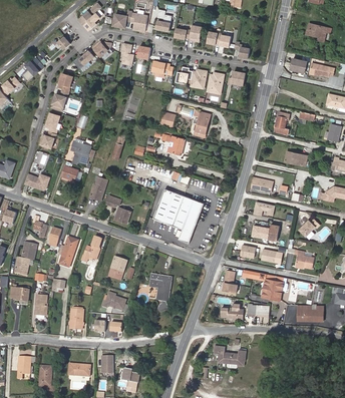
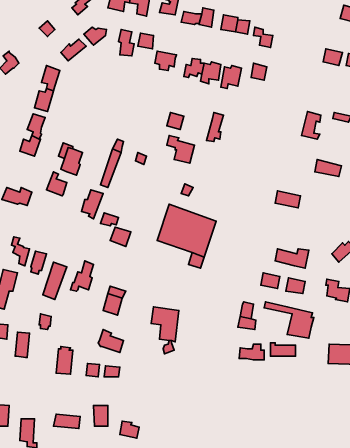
building: [214,346,246,366] -> none

